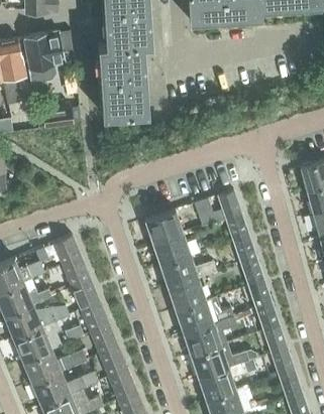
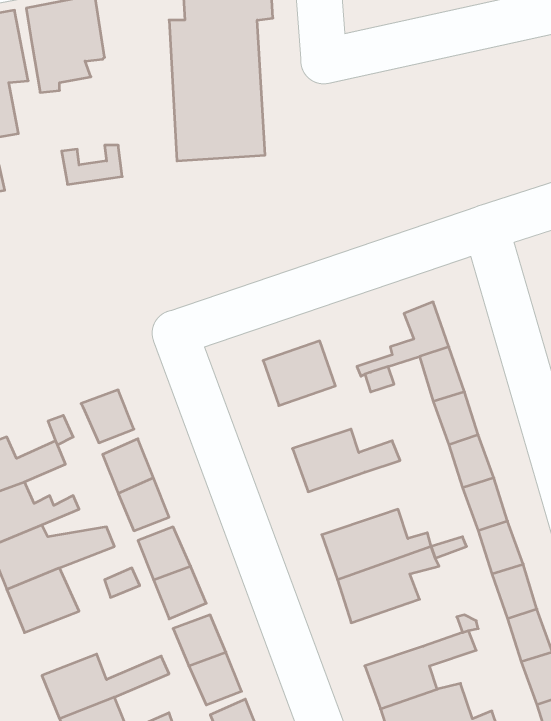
building: [153,234,198,266] -> none
building: [169,278,206,310] -> none
building: [191,346,228,378] -> none
building: [22,350,86,383] -> none

